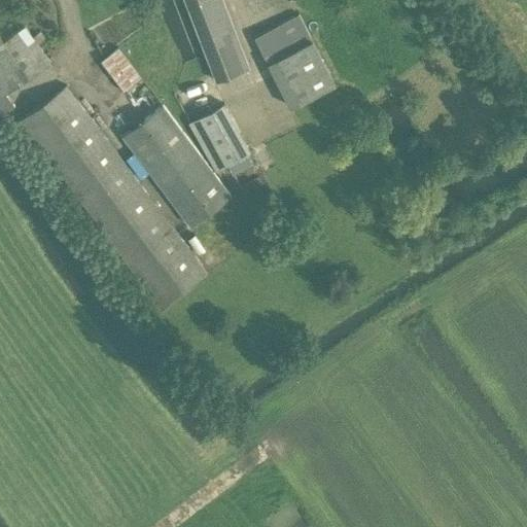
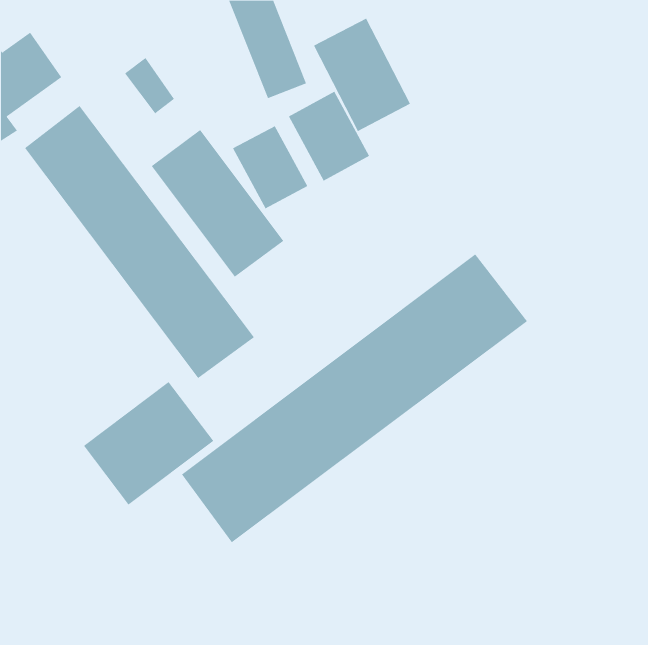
building: none -> [288,91,370,182]
building: none -> [181,254,528,543]
building: none -> [83,381,214,506]

